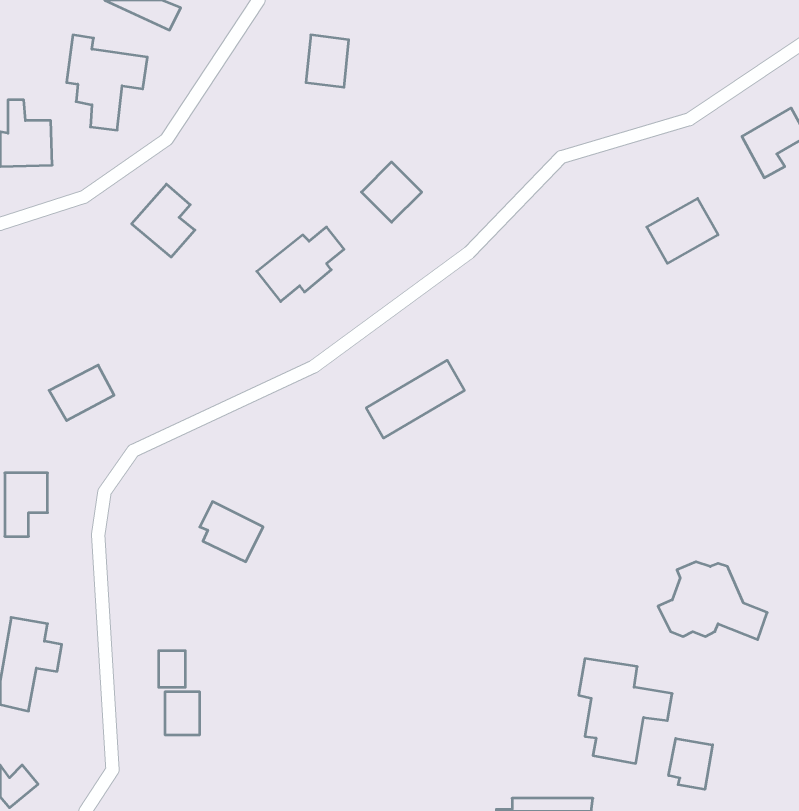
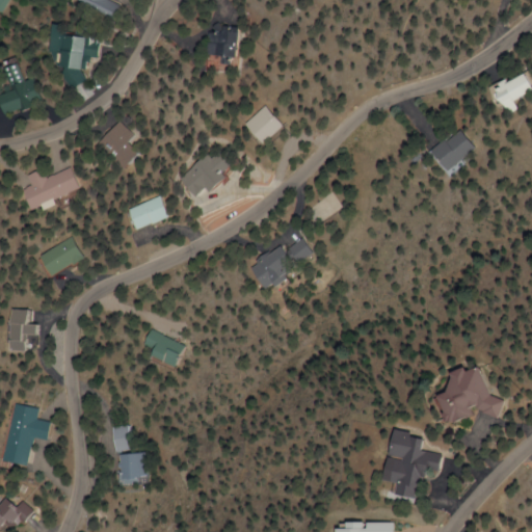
building: none -> [22,167,77,208]
building: none -> [124,196,166,230]
building: [669,738,713,789] -> none

